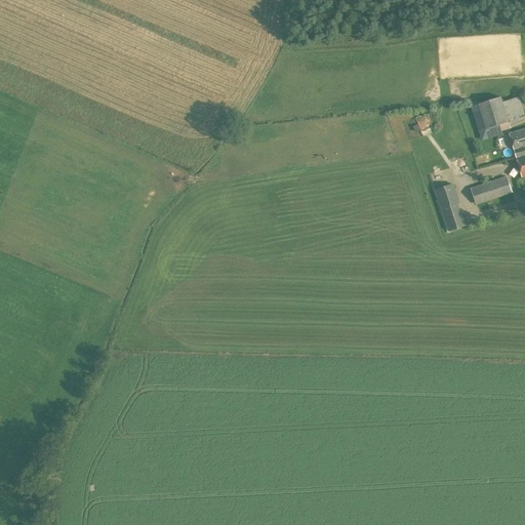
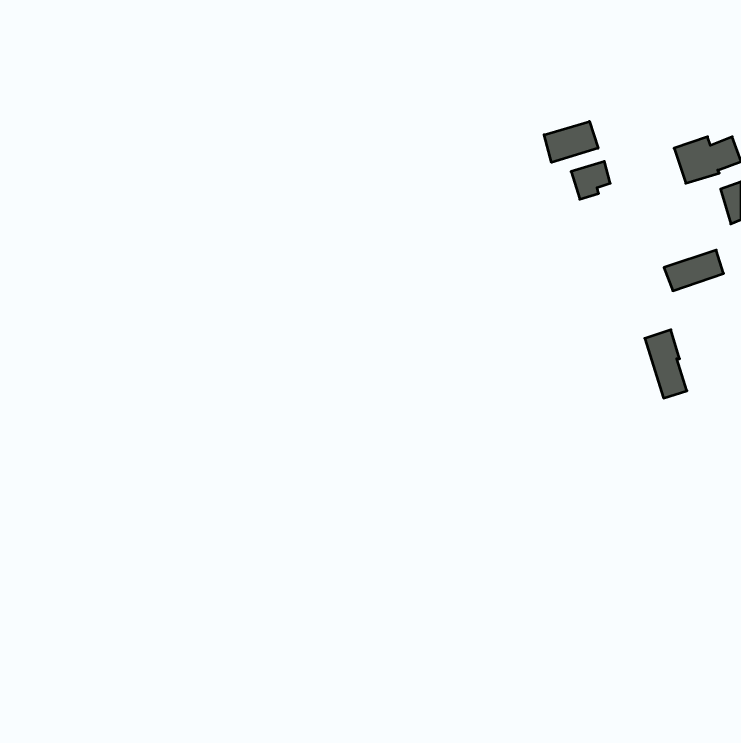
building: none -> [544,121,598,162]
building: [434,184,463,232] -> [645,330,687,398]

